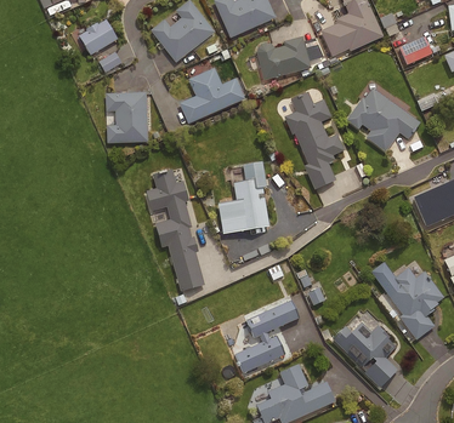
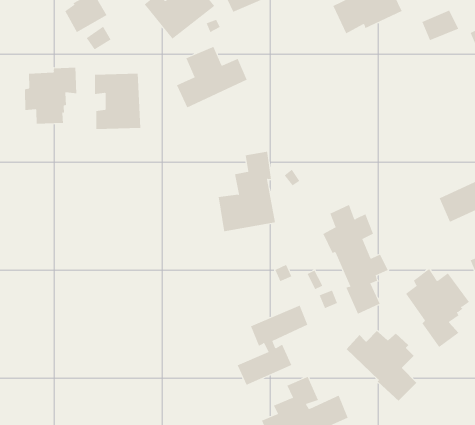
building: [256,36,311,81] -> none
building: none -> [24,67,77,124]
building: [346,87,421,152] -> none
building: [284,91,344,190] -> [323,204,389,315]
building: [147,168,204,291] -> none

